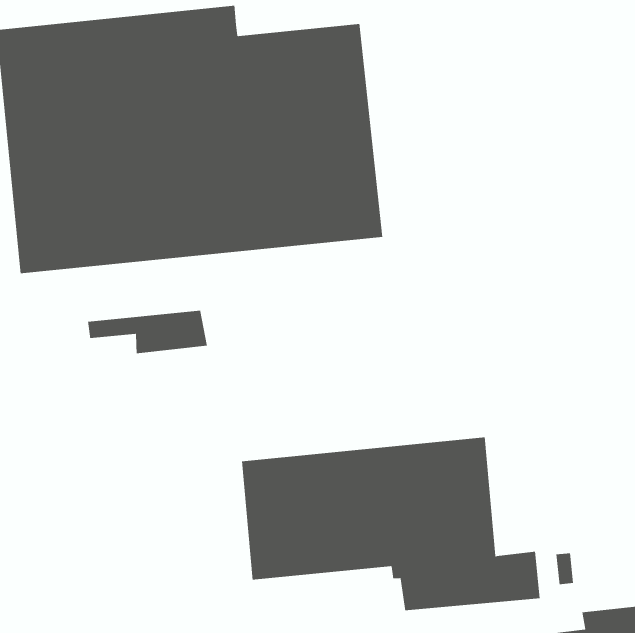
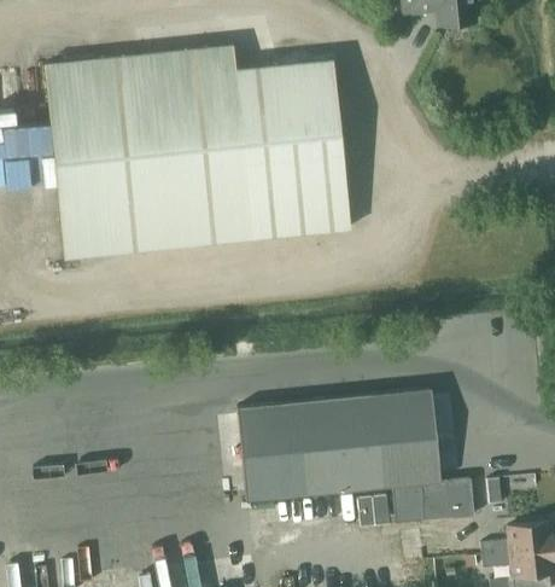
building: [87,310,207,354] -> none

